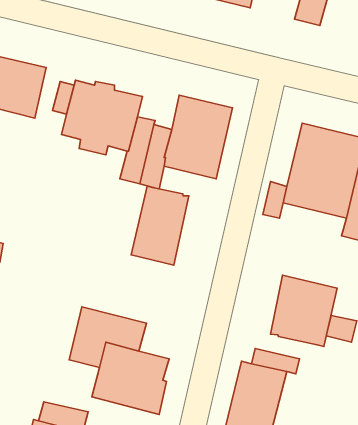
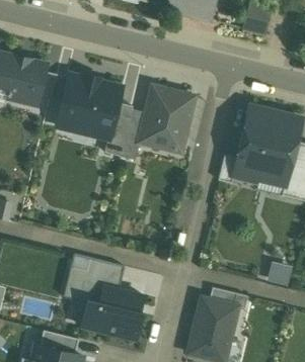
building: [131,186,189,265] -> none
building: [270,275,337,346] -> none

